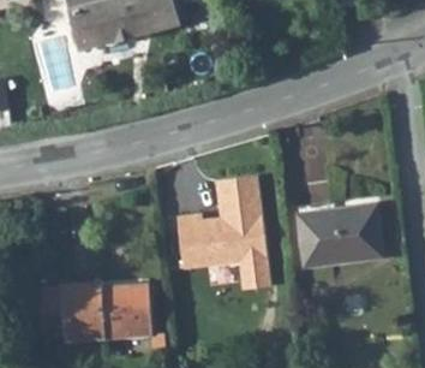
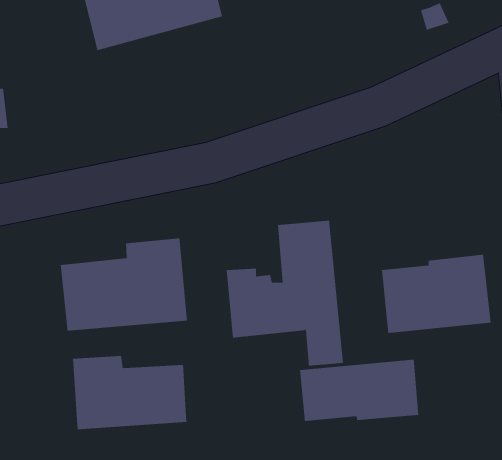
building: none -> [60,238,187,331]
building: none -> [299,359,419,422]

